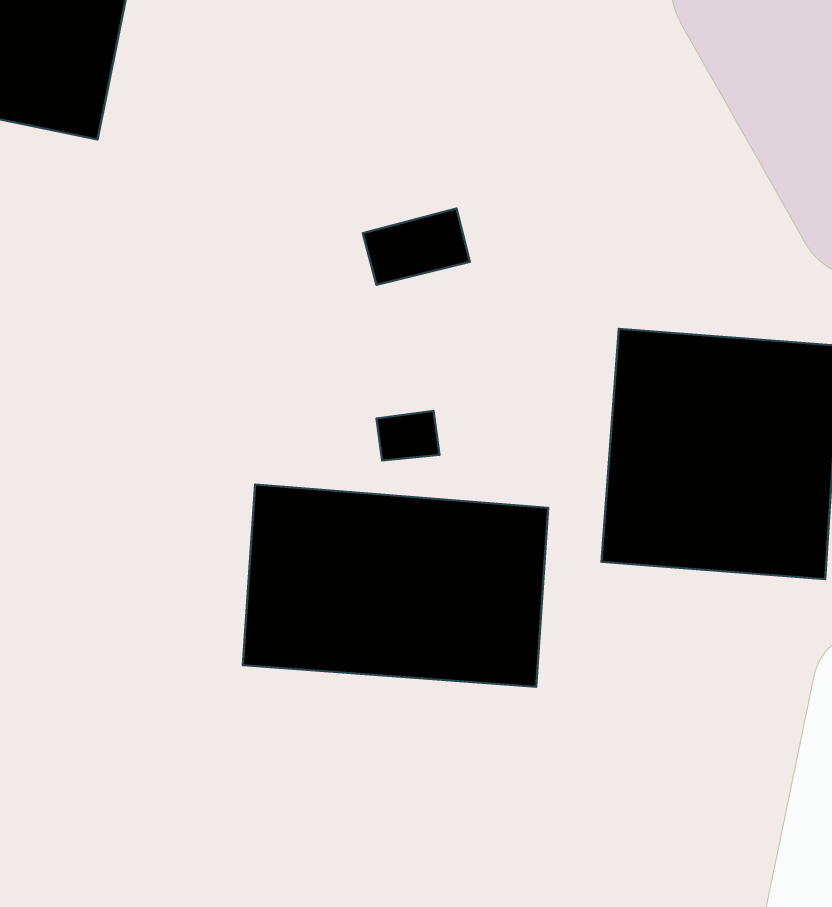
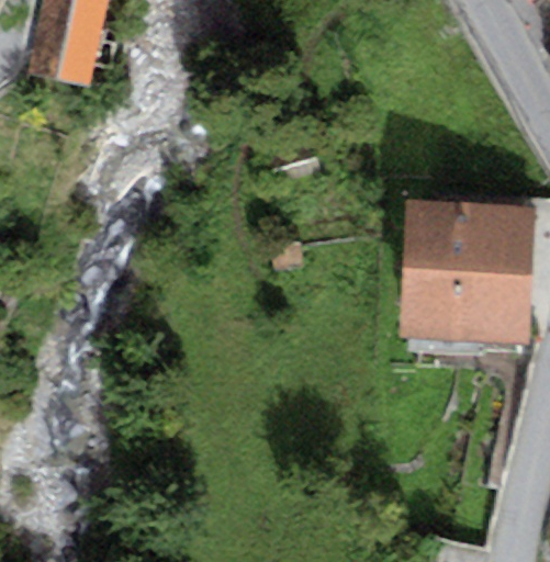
building: [243,484,548,687] -> none

